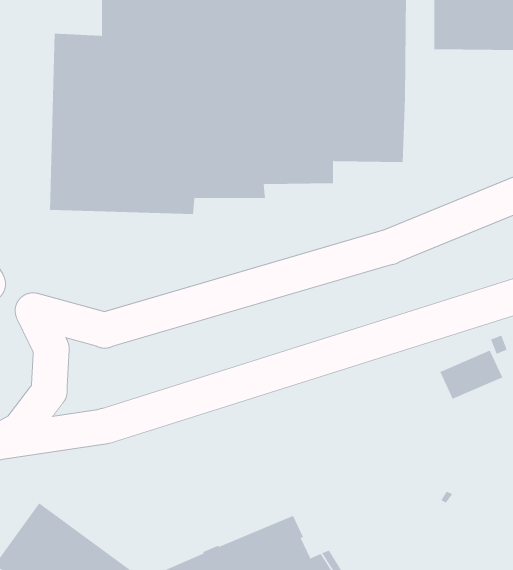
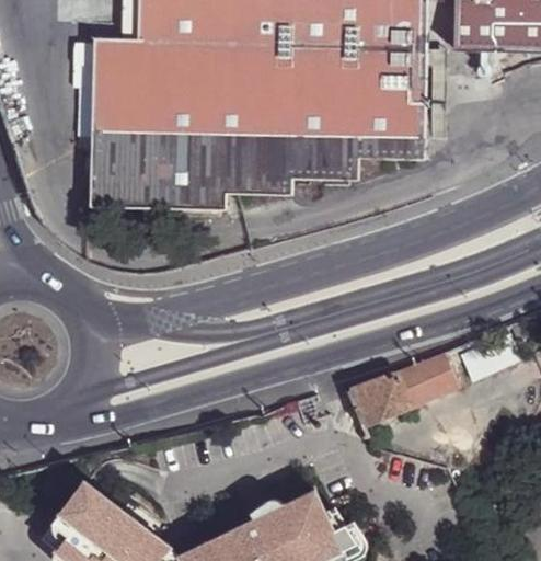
building: none -> [349,352,460,430]

